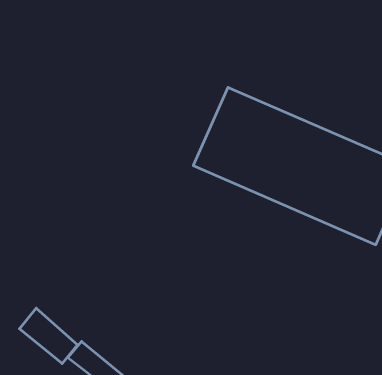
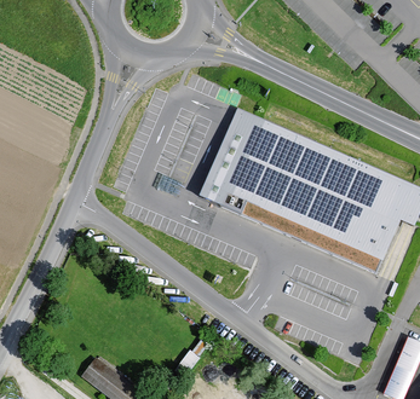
building: [19,308,77,364] -> none

